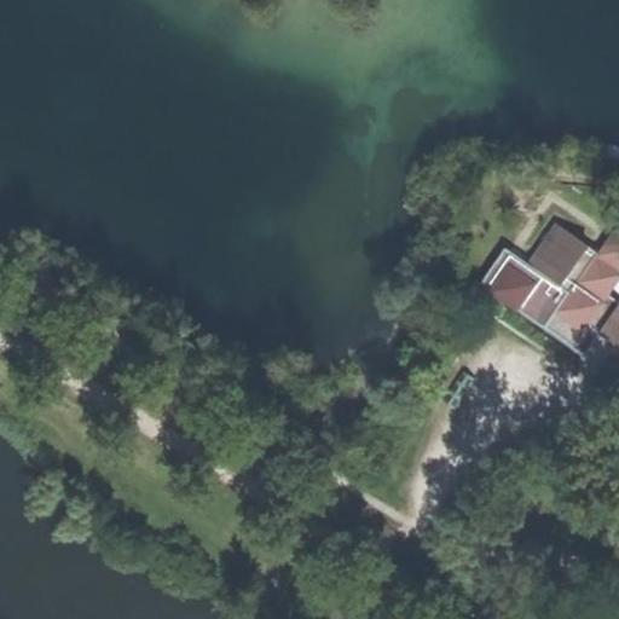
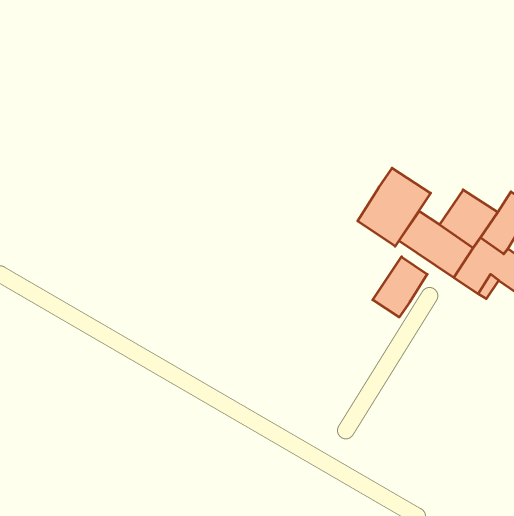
building: none -> [358,168,431,246]
building: none -> [373,257,427,317]

